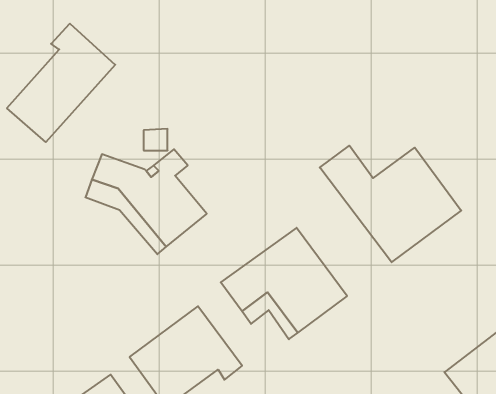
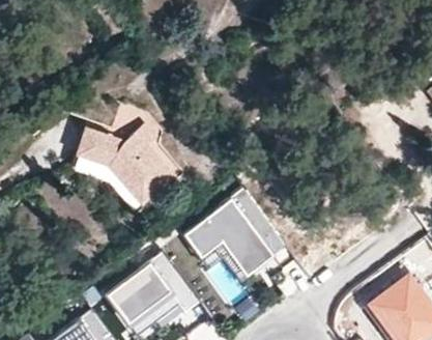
building: [7,24,115,142] -> none
building: [320,146,461,262] -> none

